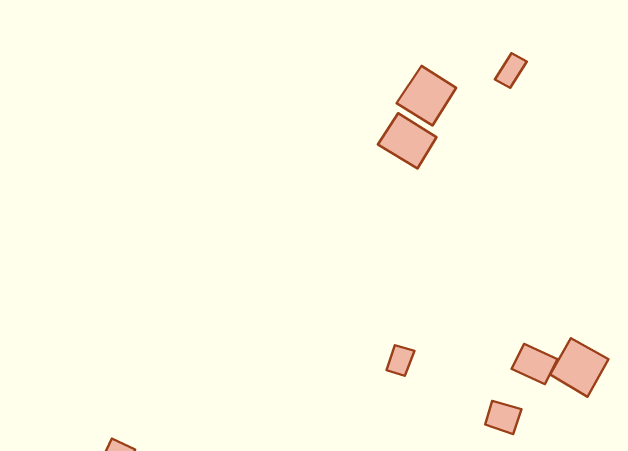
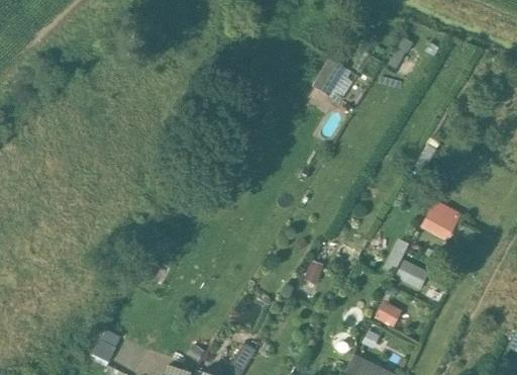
building: [378,113,437,168] -> none
building: [550,338,608,397] -> [418,198,460,241]

